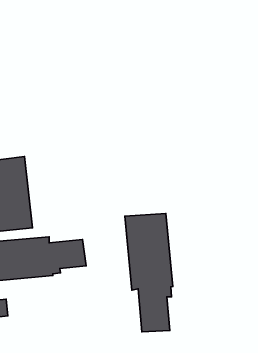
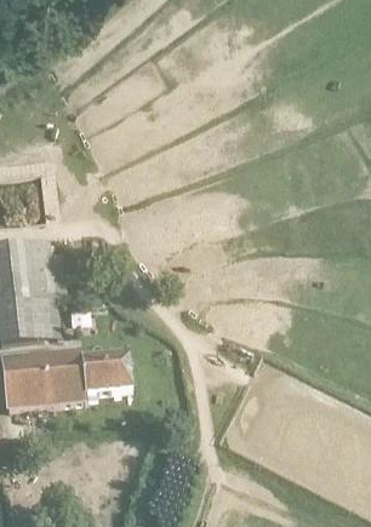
building: [125,213,173,332] -> none

